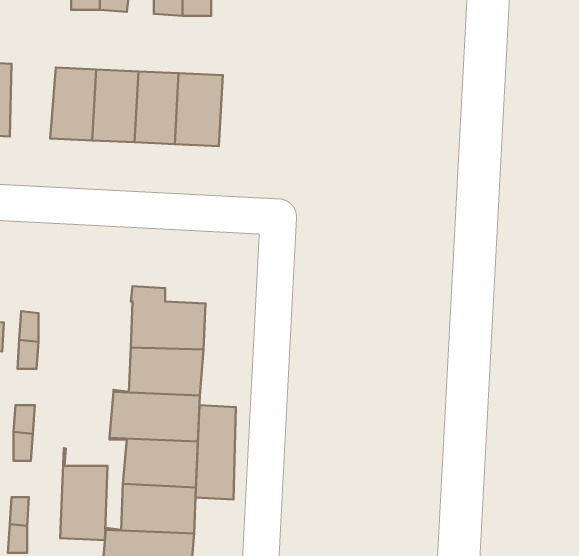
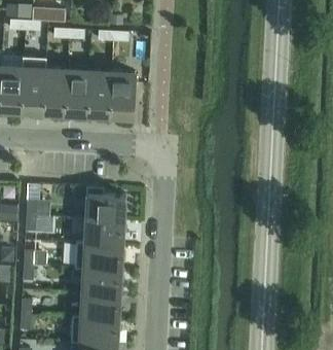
building: none -> [21,57,46,107]
building: [196,405,236,500] -> none
building: [60,448,107,540] -> none

